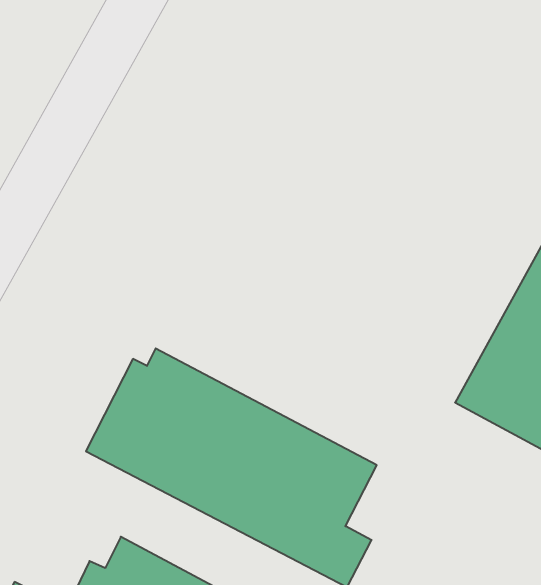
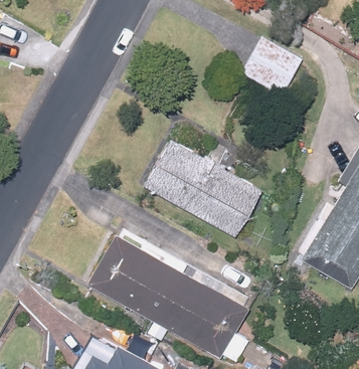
building: none -> [243,37,303,94]
building: none -> [140,138,260,236]

